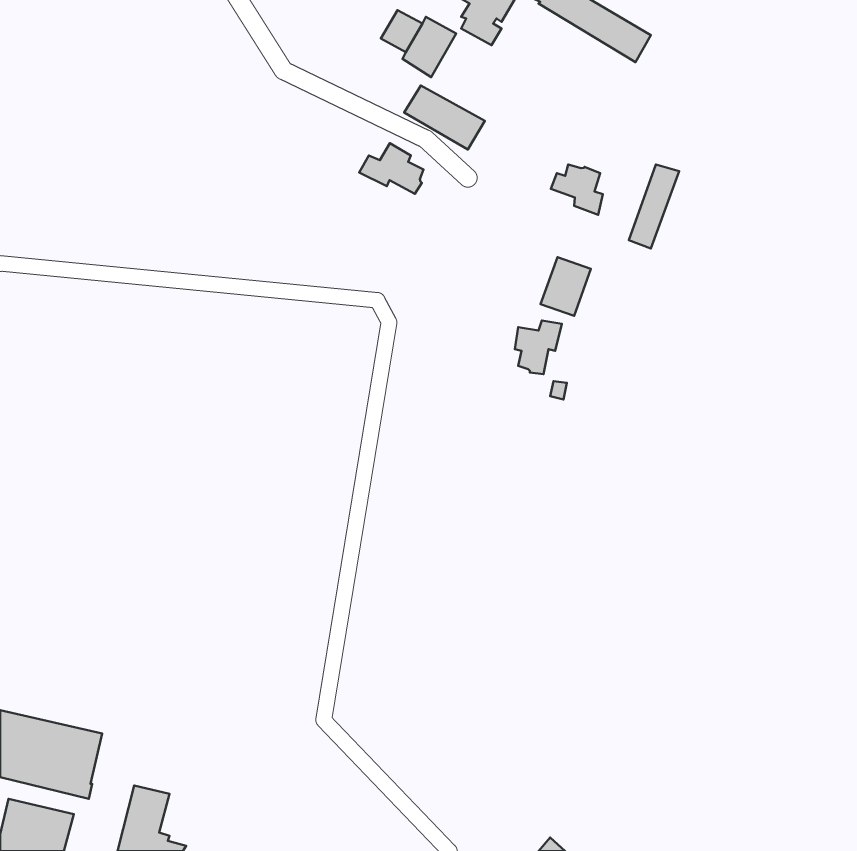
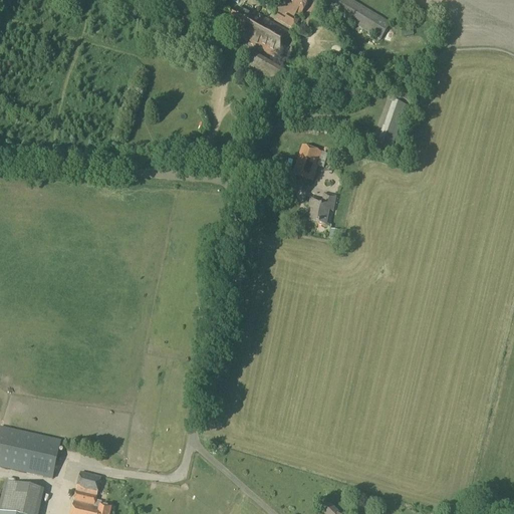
building: none -> [258,20,290,56]
building: [359,143,423,194] -> none
building: [551,165,603,215] -> none
building: [541,257,591,316] -> [292,144,322,179]

